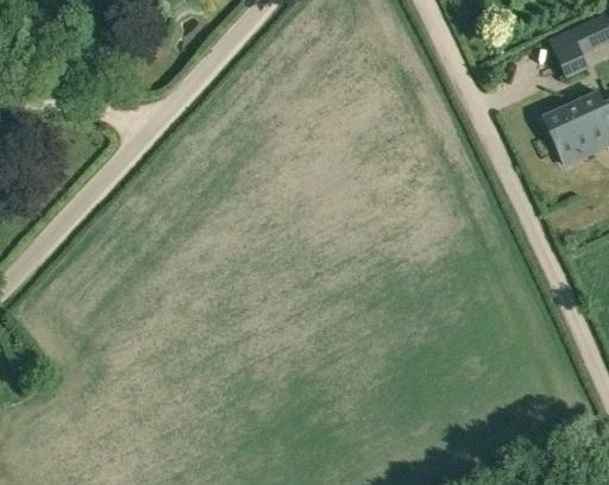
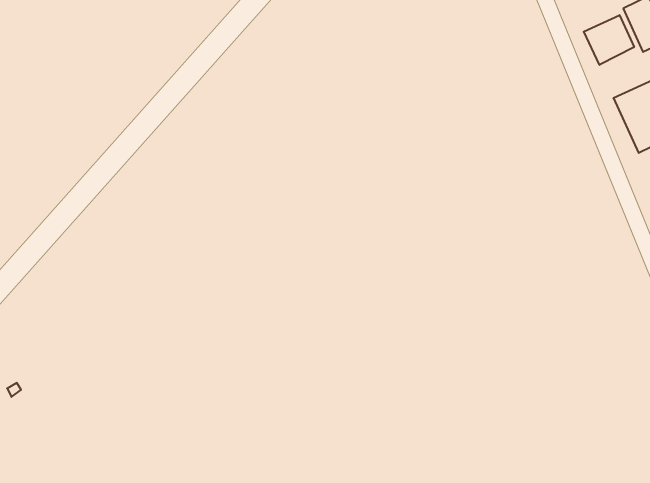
building: none -> [584,15,634,65]

